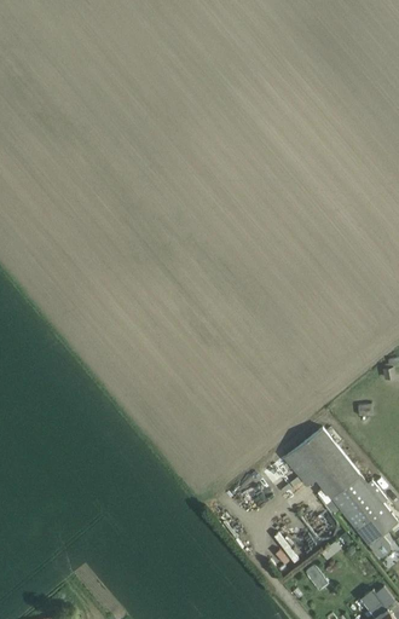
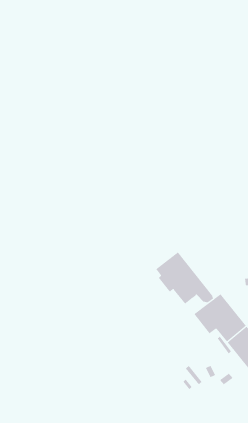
building: none -> [155,251,213,305]

